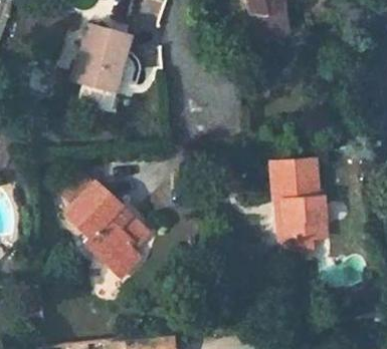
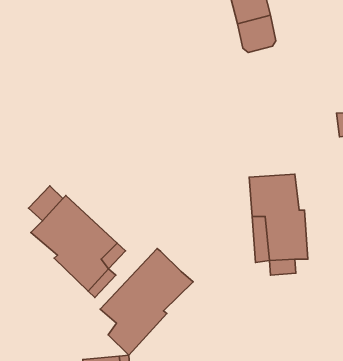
building: [72,19,131,88] -> none
building: none -> [100,248,193,355]

